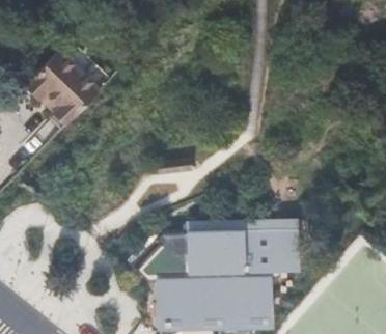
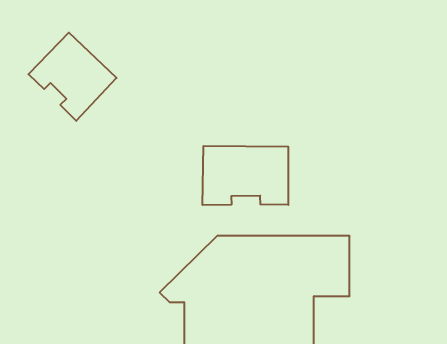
building: none -> [203,146,288,205]

